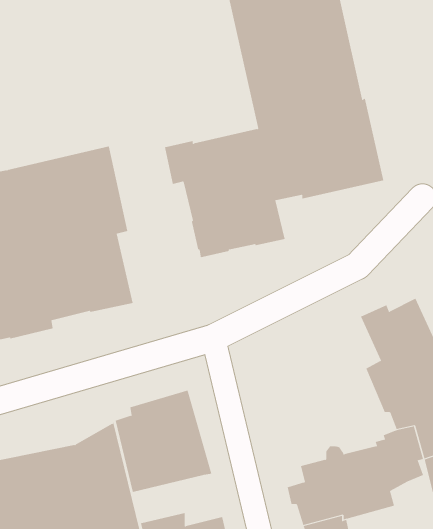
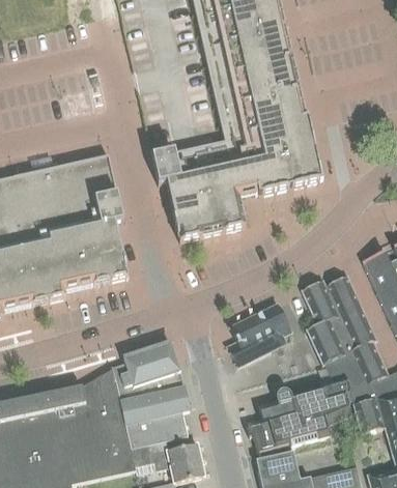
building: none -> [225,304,289,368]
building: none -> [125,410,188,448]

